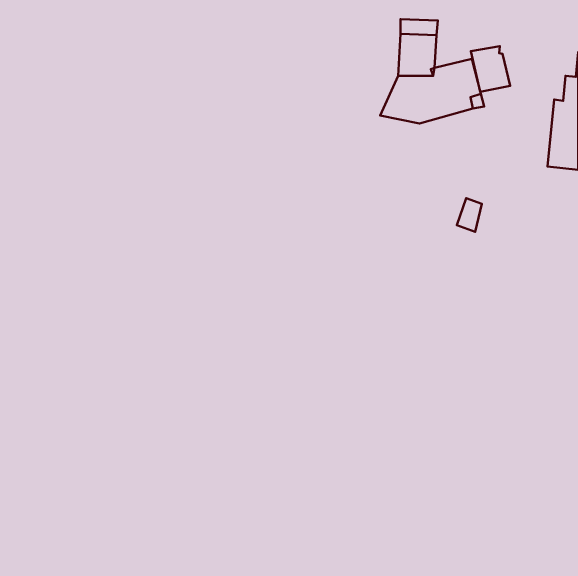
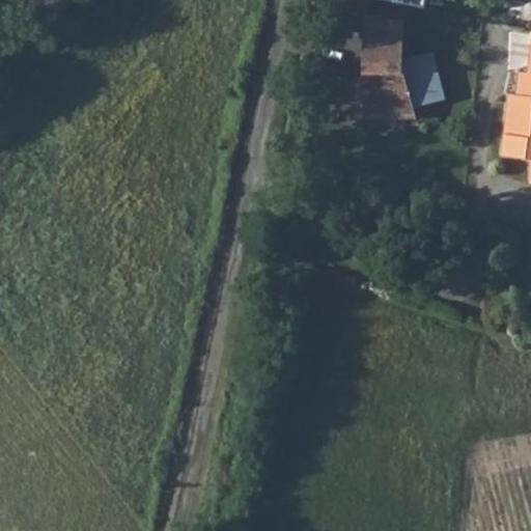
building: [471,46,510,92] -> none

